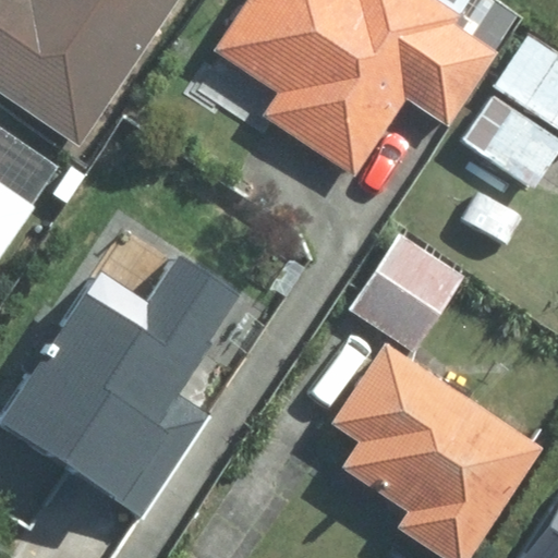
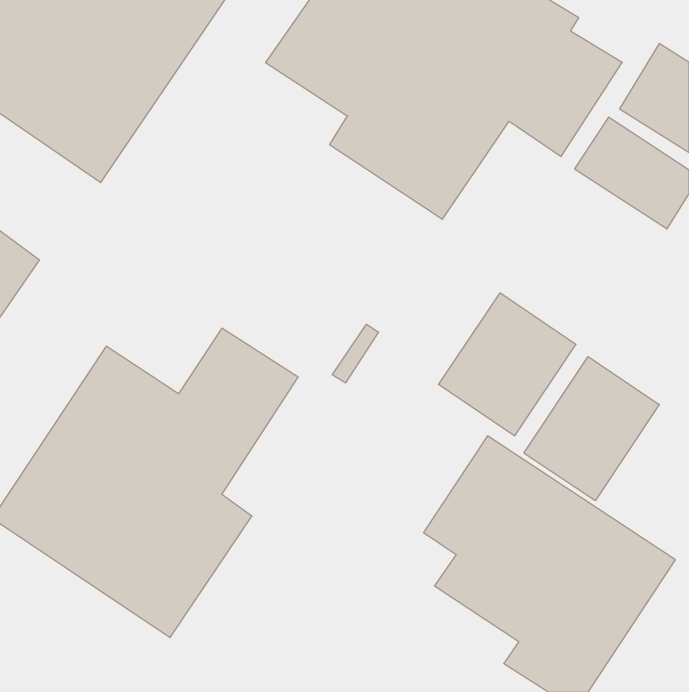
building: none -> [524,357,659,501]

